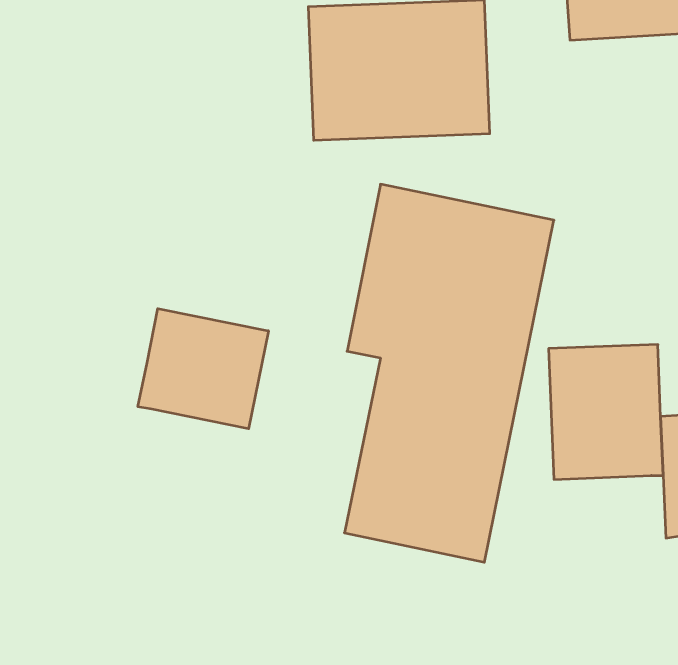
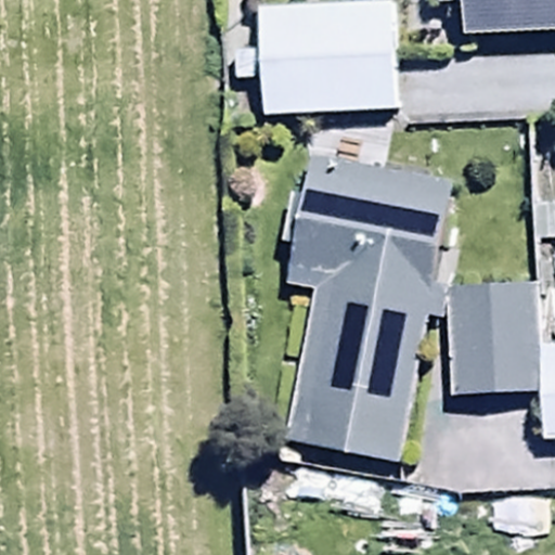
building: [138,309,268,429] -> none

